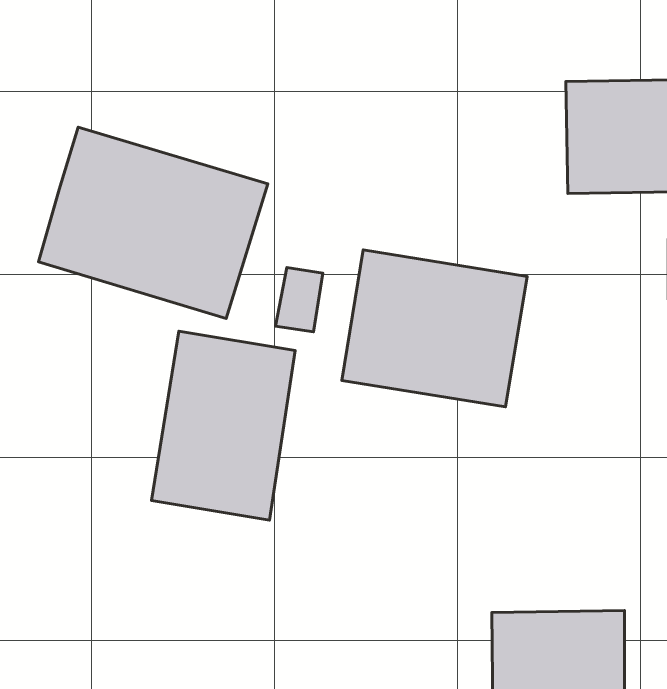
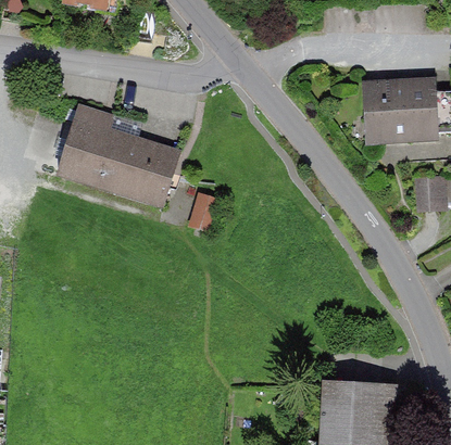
building: [342,250,527,407] -> none
building: [152,331,295,520] -> none

